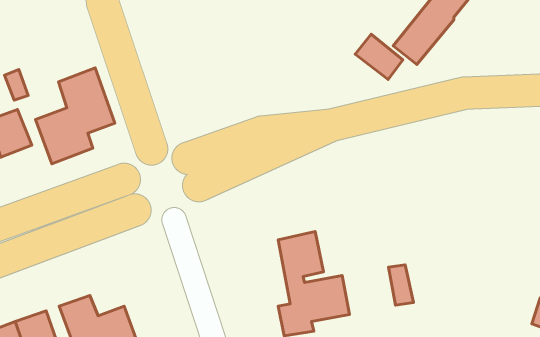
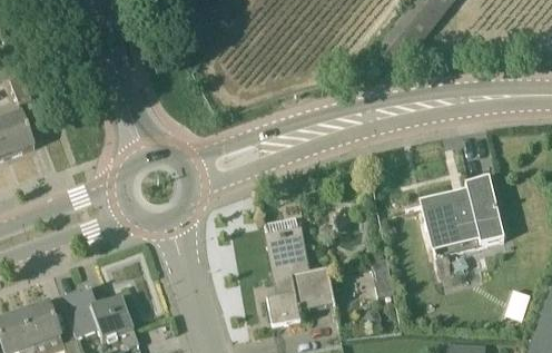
building: [355,34,403,79] -> none
building: [36,68,115,164] -> none
building: none -> [423,176,504,252]

